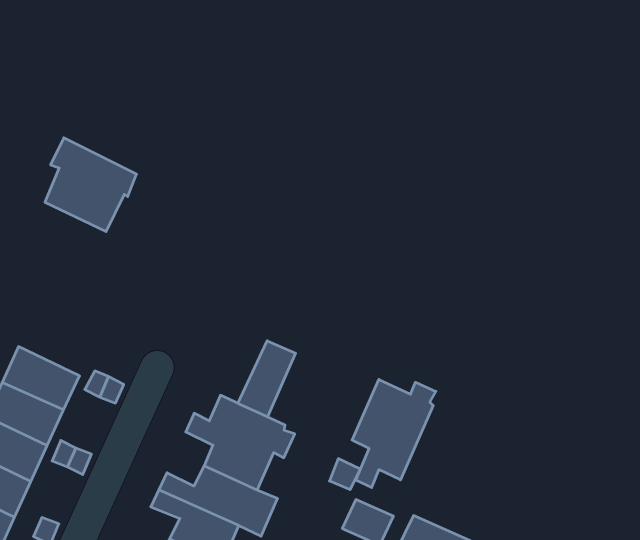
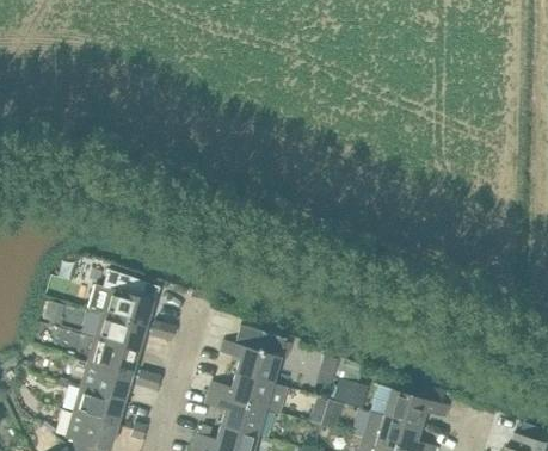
building: [45,138,137,232] -> [103,268,160,326]
building: [238,341,296,417] -> none
building: [352,379,436,488] -> none

